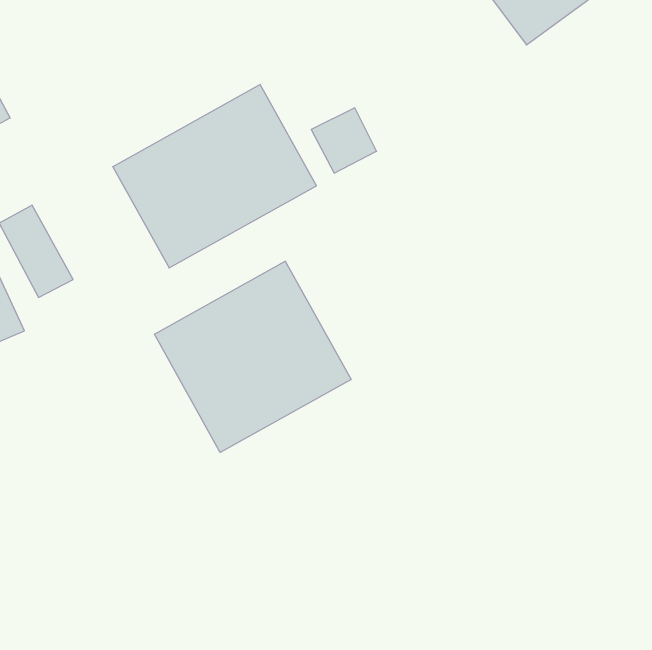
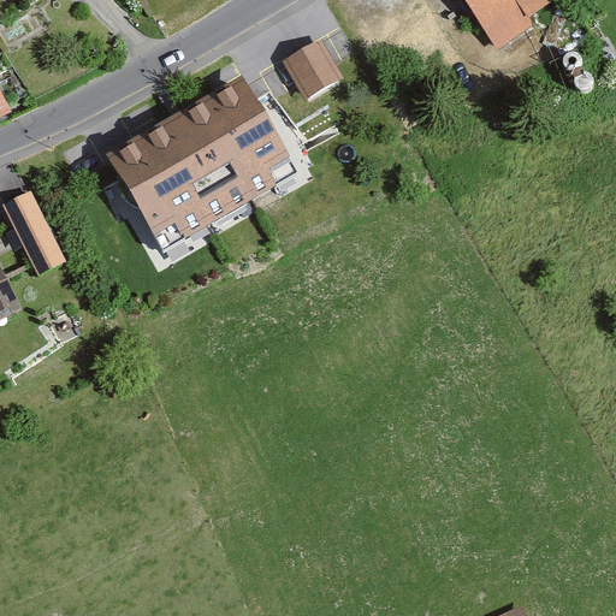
building: [311,108,377,173] -> [277,34,338,95]
building: [155,261,351,452] -> none

